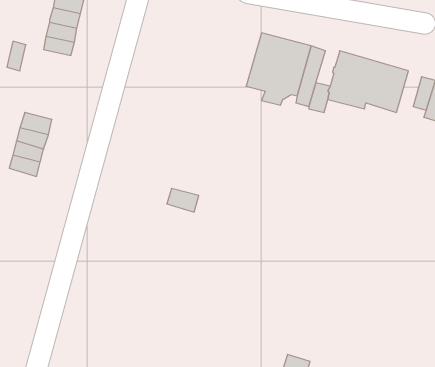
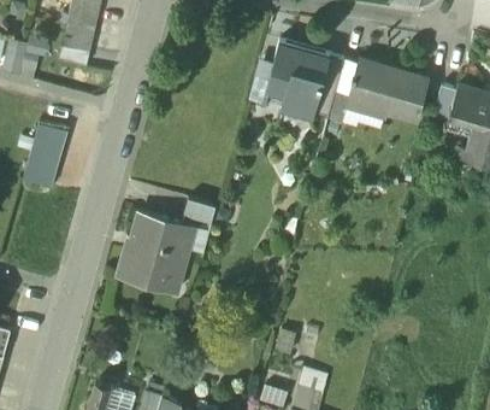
building: none -> [117,212,195,294]

